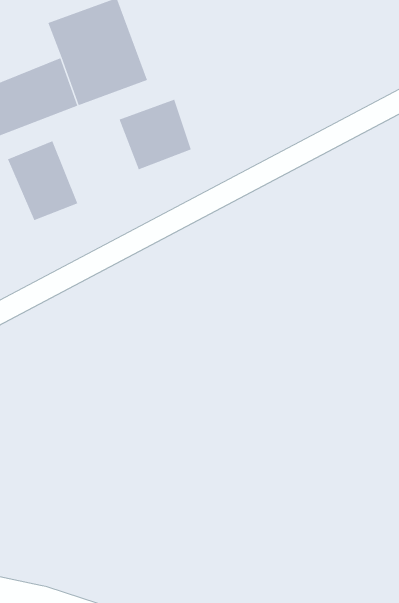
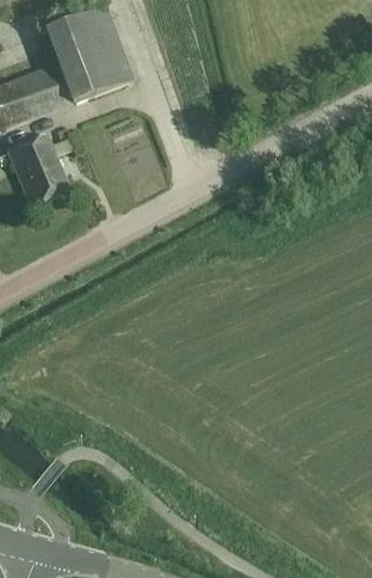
building: [119,99,192,170] -> none

